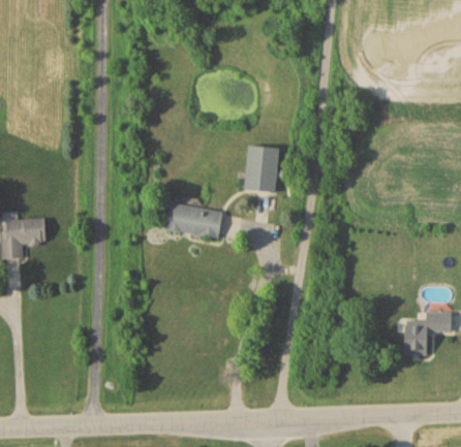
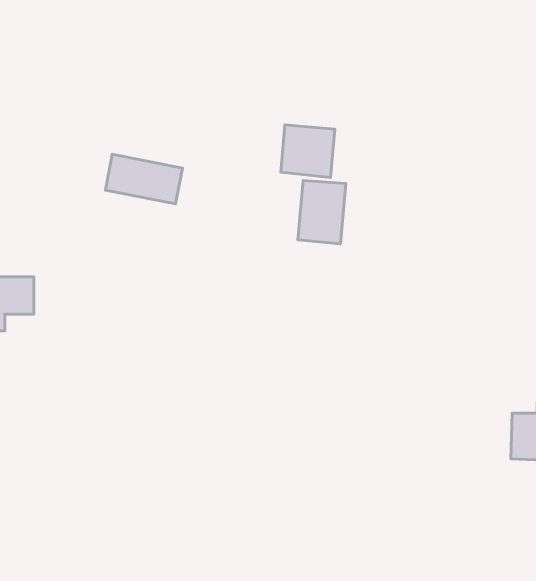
building: none -> [281,125,335,178]
building: [165,201,223,238] -> [105,154,182,204]

